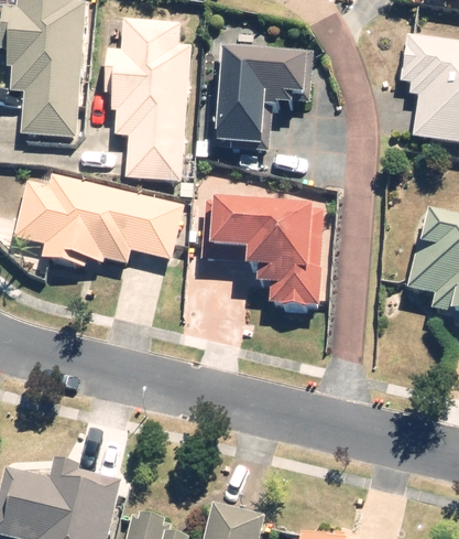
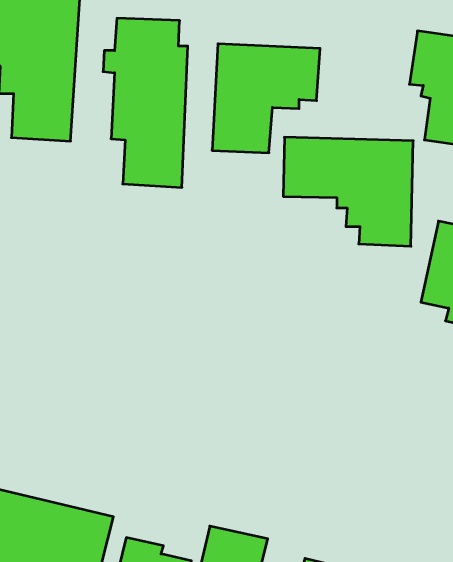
building: [17,175,183,266] -> none
building: [201,203,325,306] -> [283,137,413,246]

